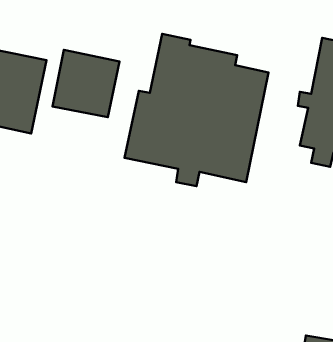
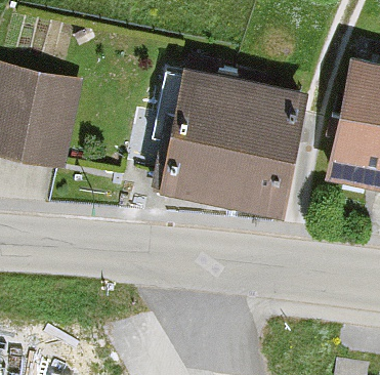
building: [52,50,120,117] -> none

